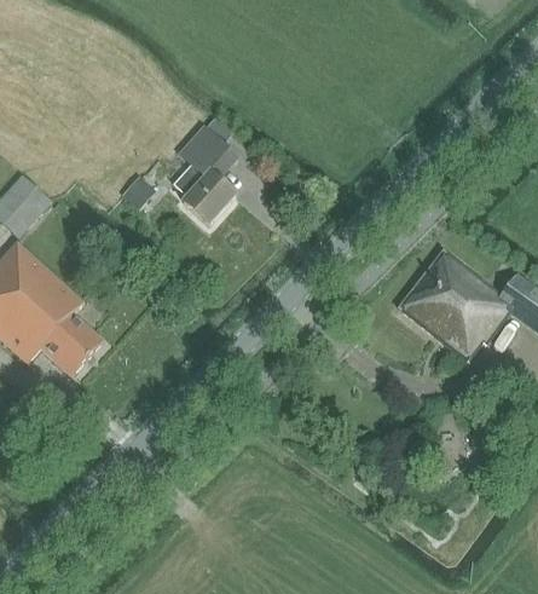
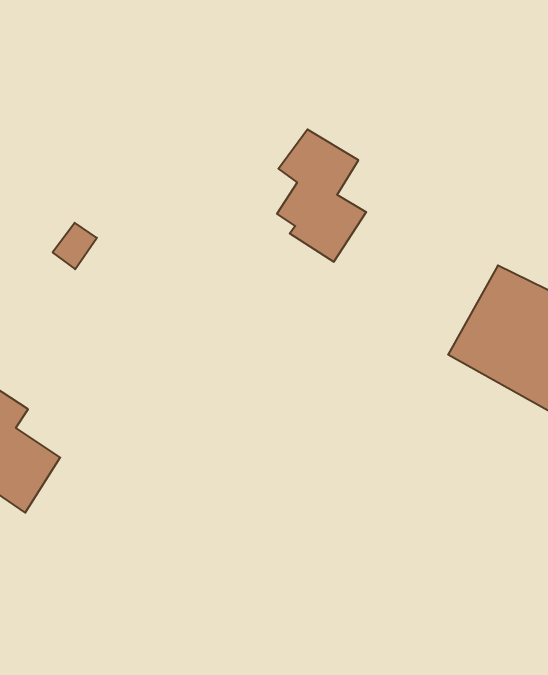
building: [173,127,238,226] -> [277,129,366,262]

